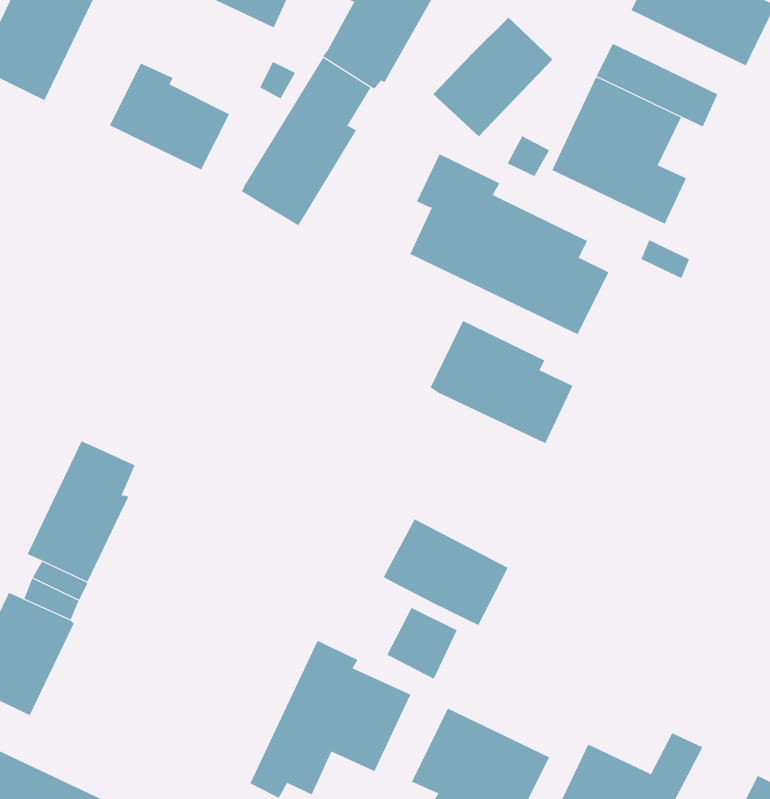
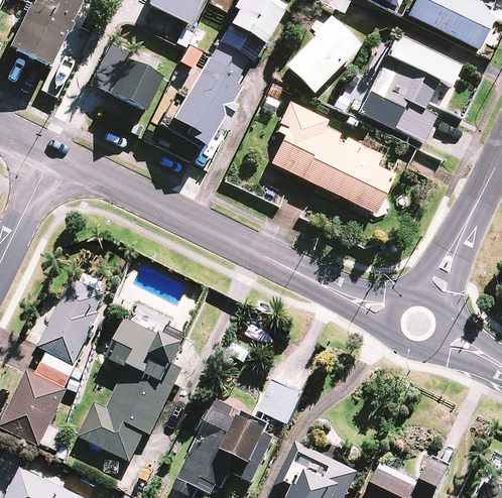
building: [430,320,573,445] -> none
building: none -> [80,318,182,461]
building: [383,519,509,626] -> none

